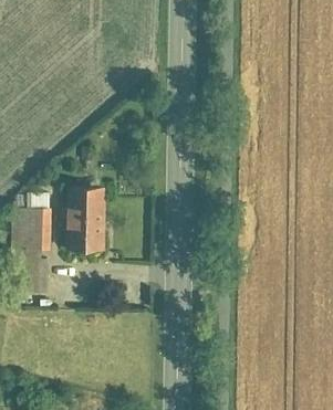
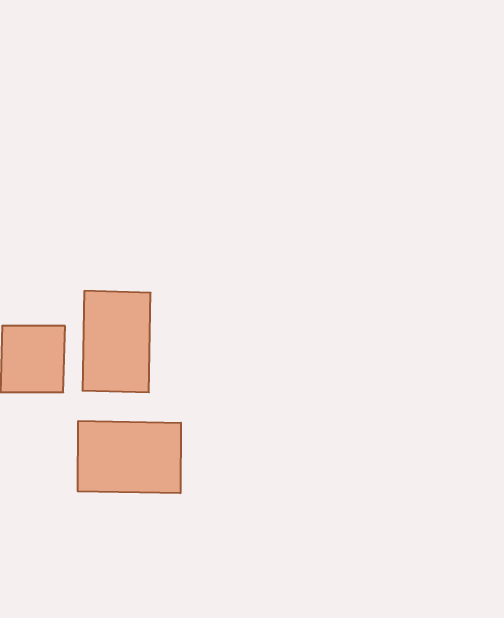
building: none -> [78,421,181,493]

